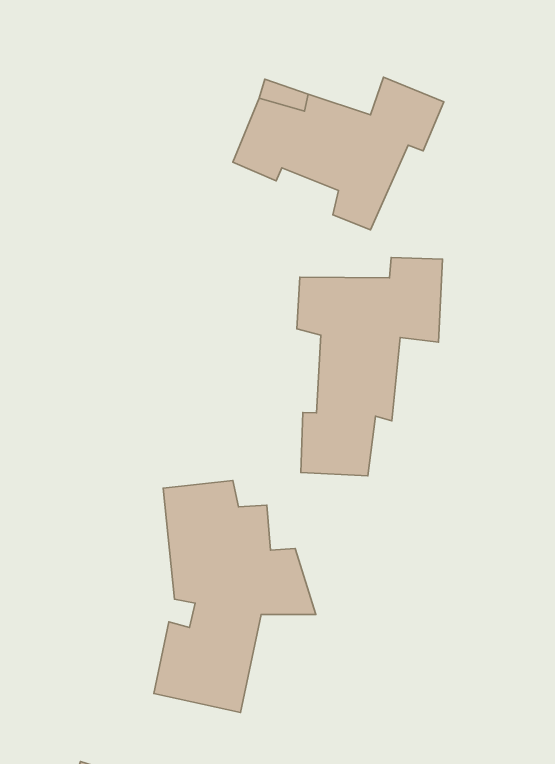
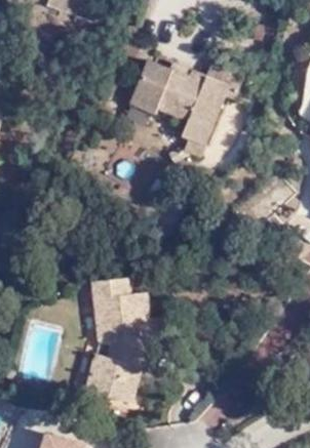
building: [297,257,443,476] -> none

